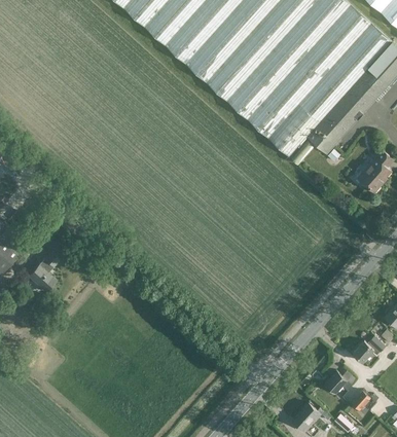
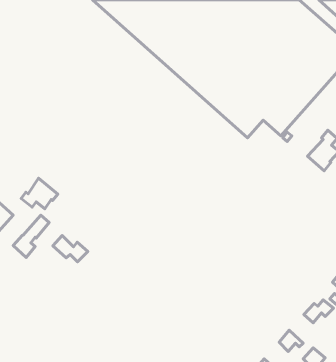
building: none -> [21,178,58,209]
building: none -> [53,236,88,262]

